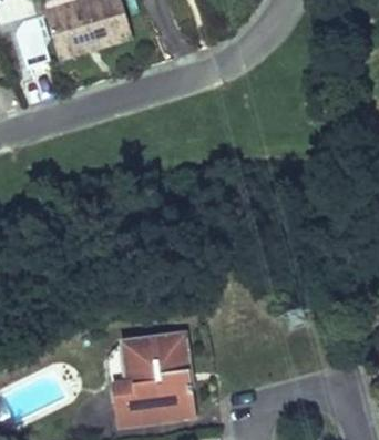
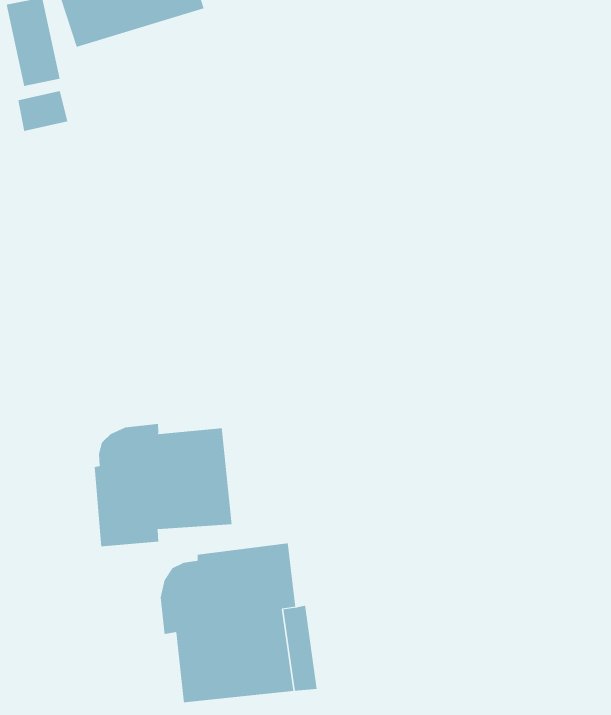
building: none -> [94,423,232,547]

